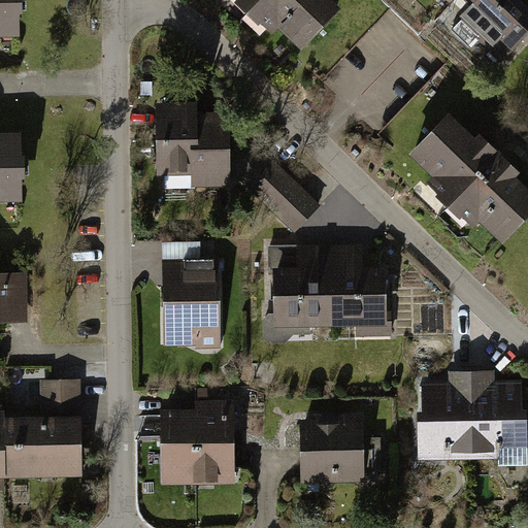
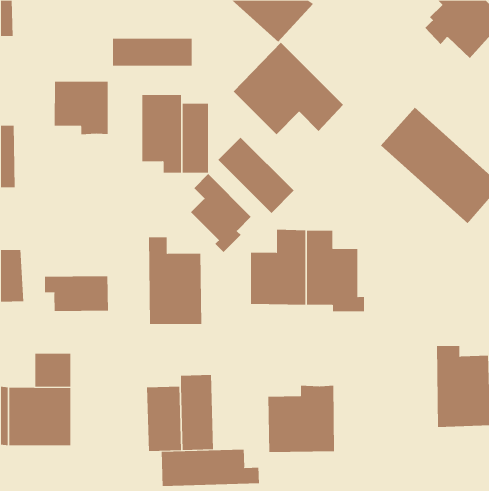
building: none -> [113,38,192,67]
building: none -> [233,42,344,135]
building: none -> [54,81,108,135]
building: none -> [190,173,252,253]
building: none -> [44,275,108,312]
building: [415,371,471,460] -> none
building: none -> [161,449,259,487]

